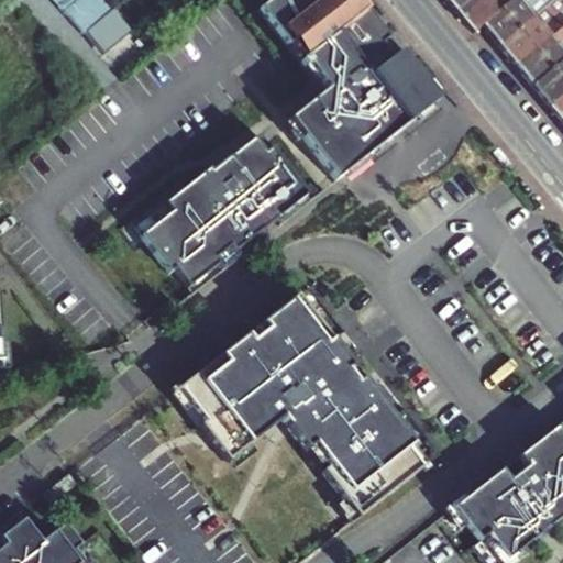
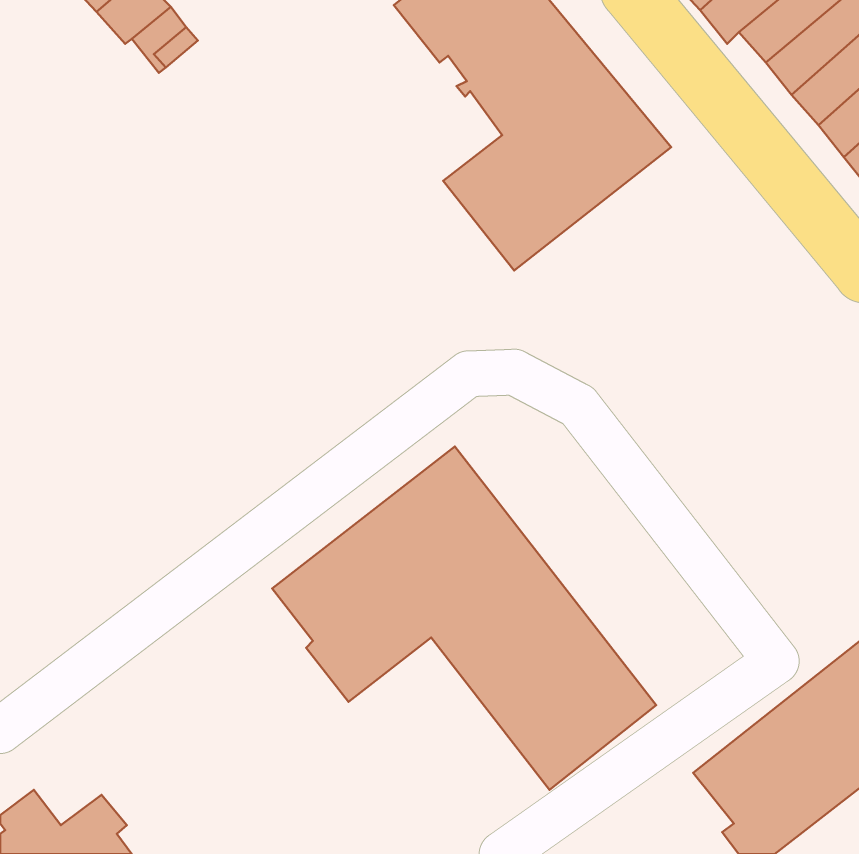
building: [142,130,312,283] -> none

